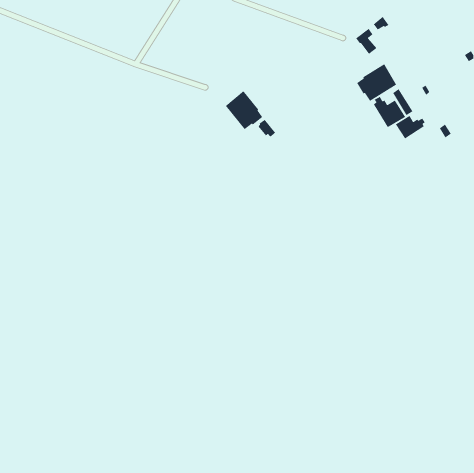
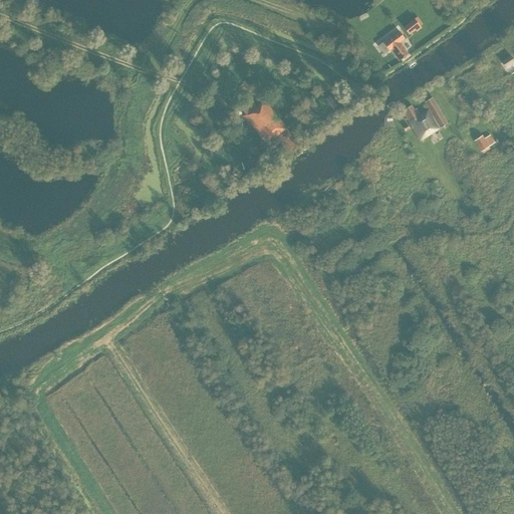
building: [356,63,397,102] -> none
building: [395,115,426,139] -> none

